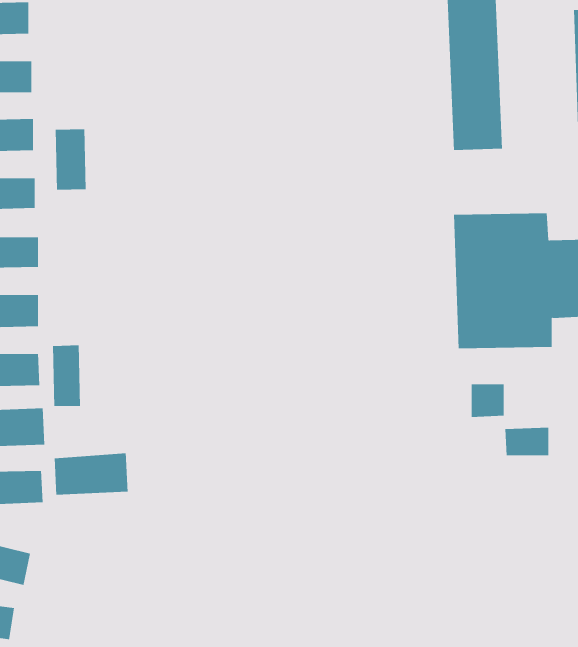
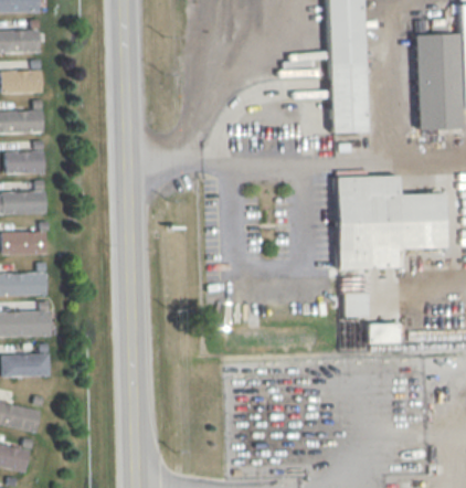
building: [55,129,86,190] -> none
building: [53,344,80,407] -> none
building: [54,453,128,495] -> none

